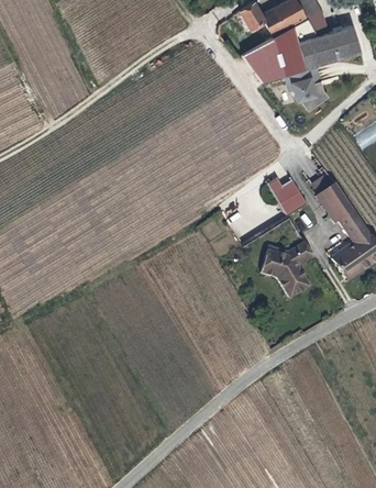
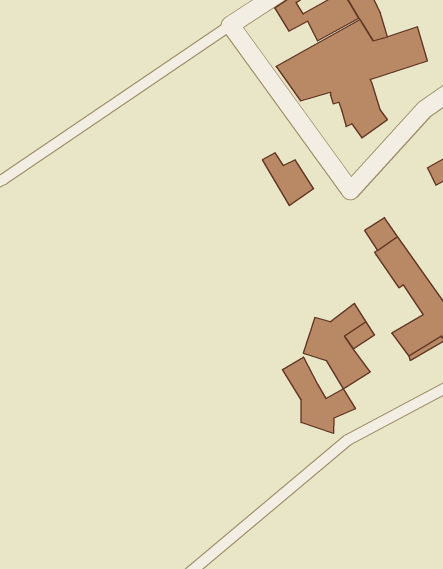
building: [269,177,309,218] -> [262,153,314,206]
building: none -> [282,357,355,433]

